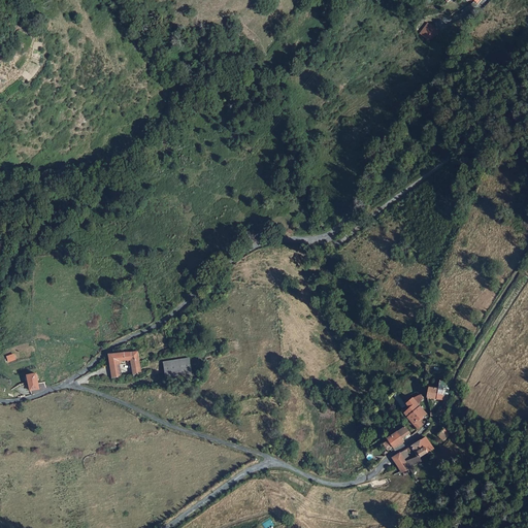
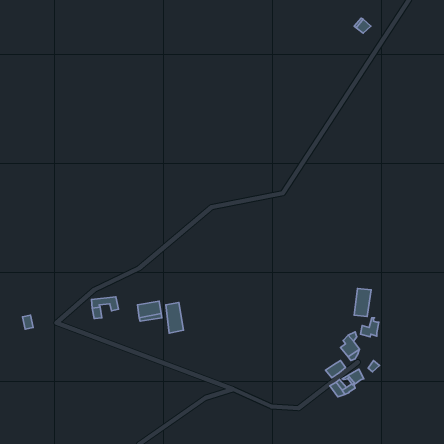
building: none -> [354,289,371,317]
building: none -> [166,302,183,333]

